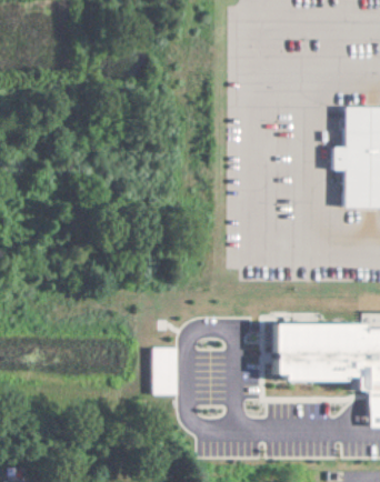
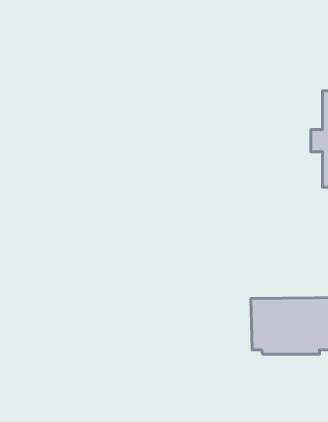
building: [153,349,179,395] -> none

